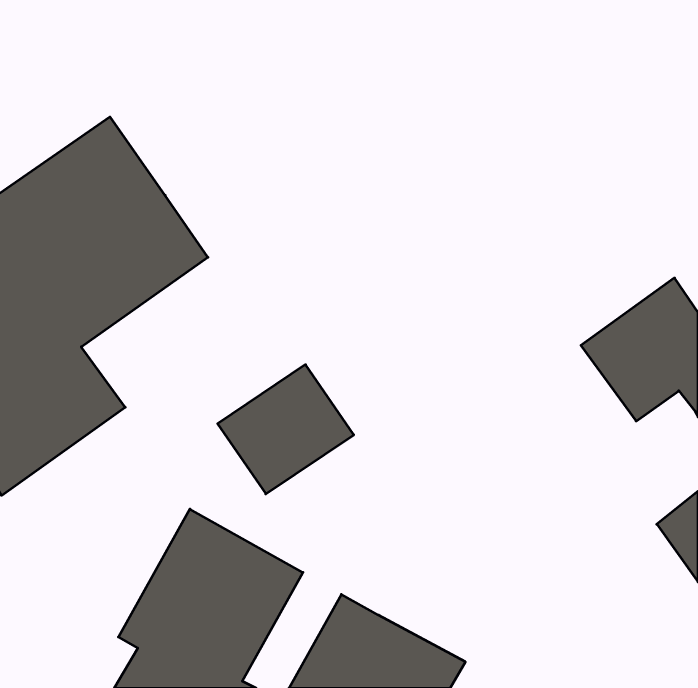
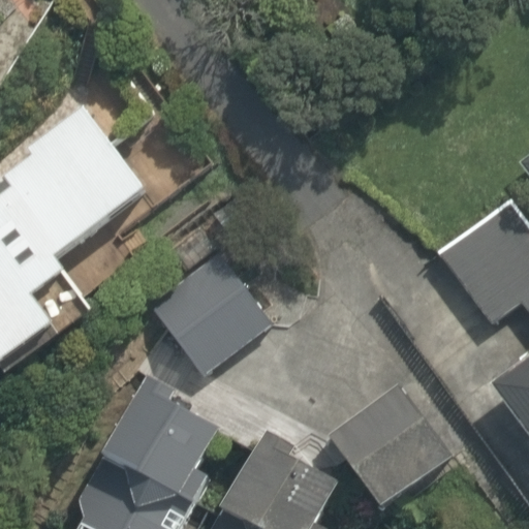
building: none -> [324,376,458,509]

